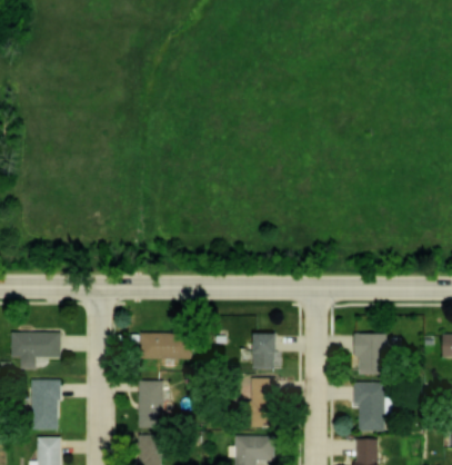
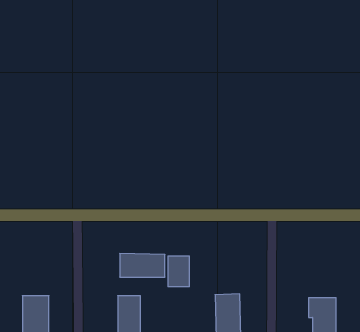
building: [10,333,61,368] -> none
building: [254,334,279,368] -> [168,256,189,287]
building: [354,334,386,375] -> none

